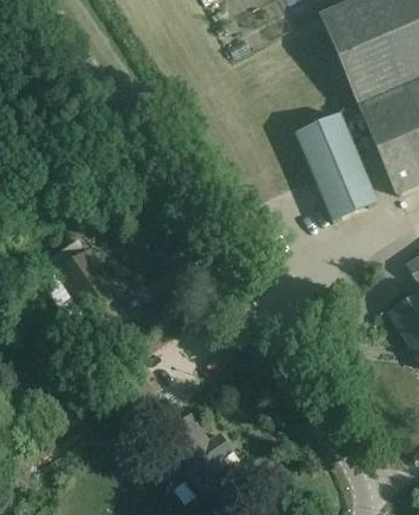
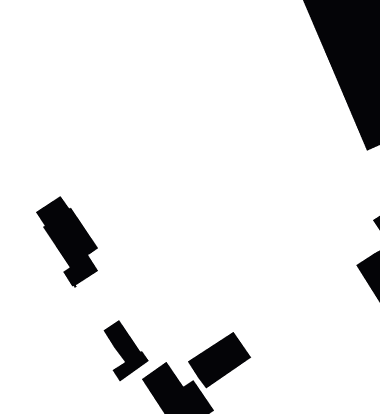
building: [296,112,379,221] -> none
building: none -> [187,331,252,389]

